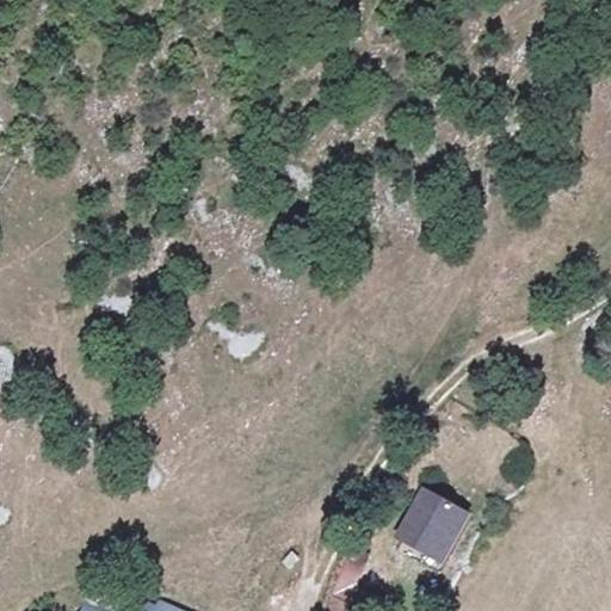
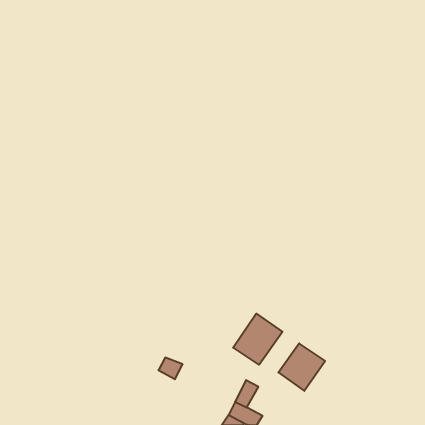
building: none -> [233,314,282,365]

